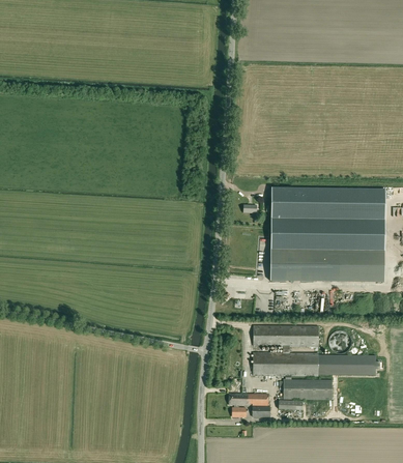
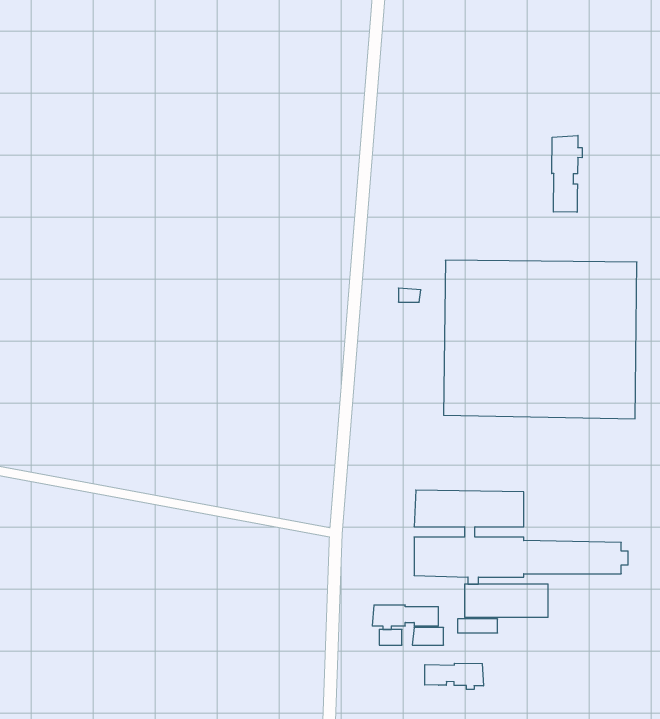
building: none -> [552,135,582,212]
building: none -> [425,663,483,689]

